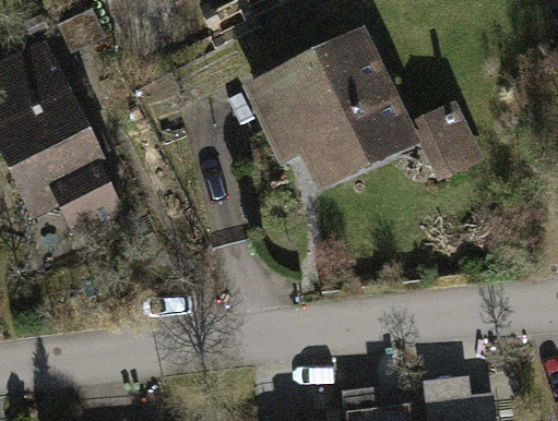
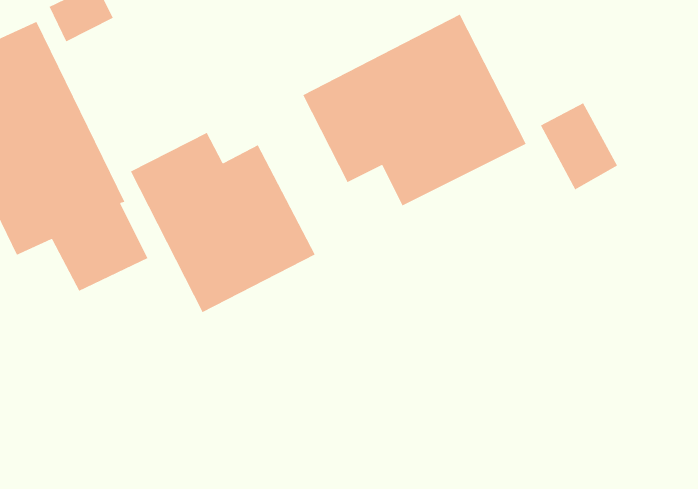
building: none -> [130,132,316,313]

